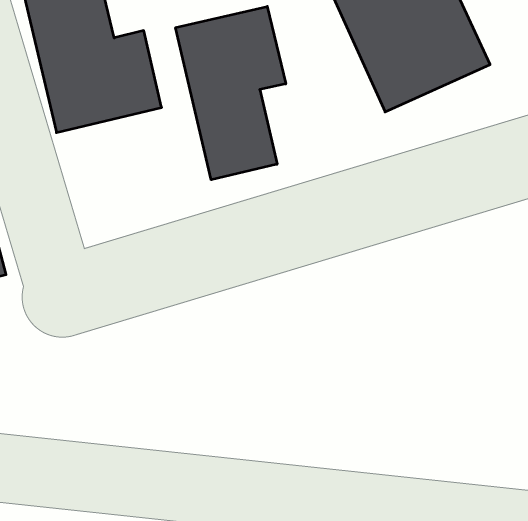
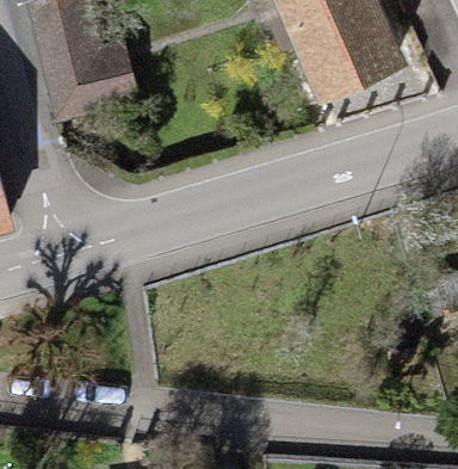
building: [176,6,286,180] -> none

